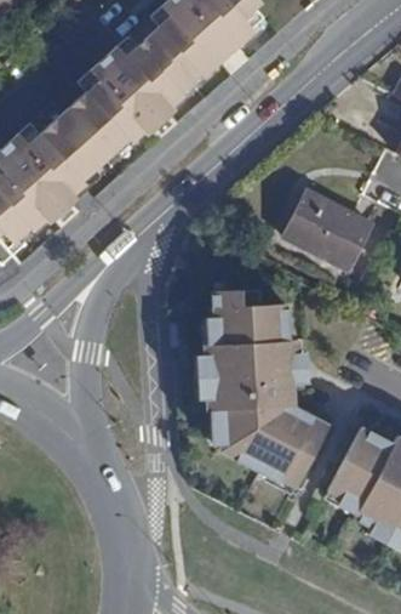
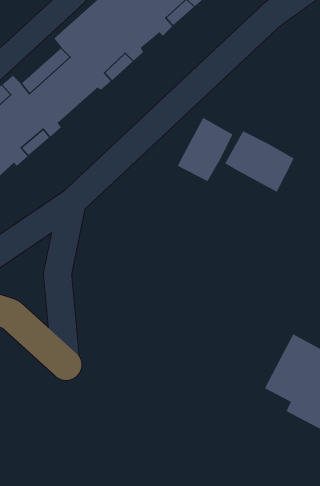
building: none -> [177,117,234,182]
building: [201,284,325,484] -> none

